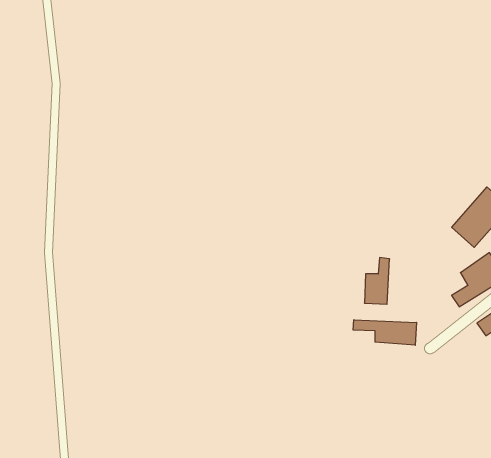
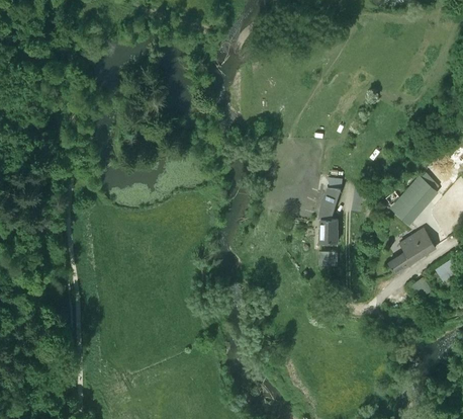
building: none -> [319,190,343,223]
building: [353,320,417,345] -> none

